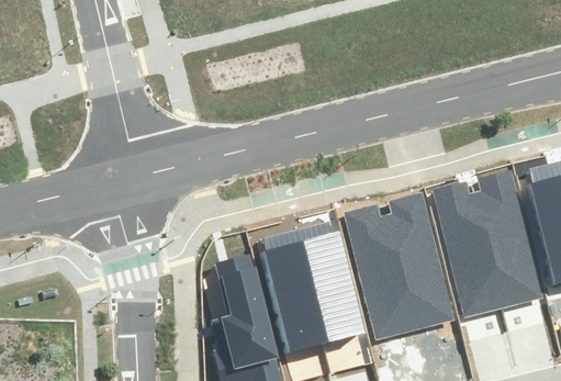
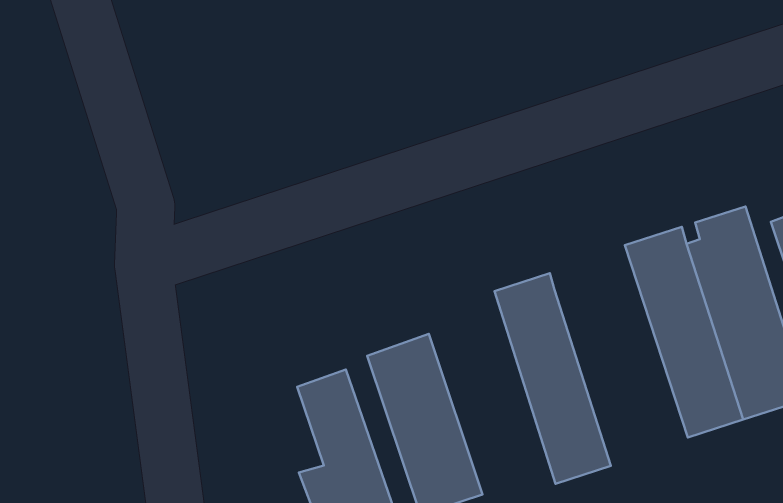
building: [385,193,456,330] -> none
building: [303,228,367,343] -> none

